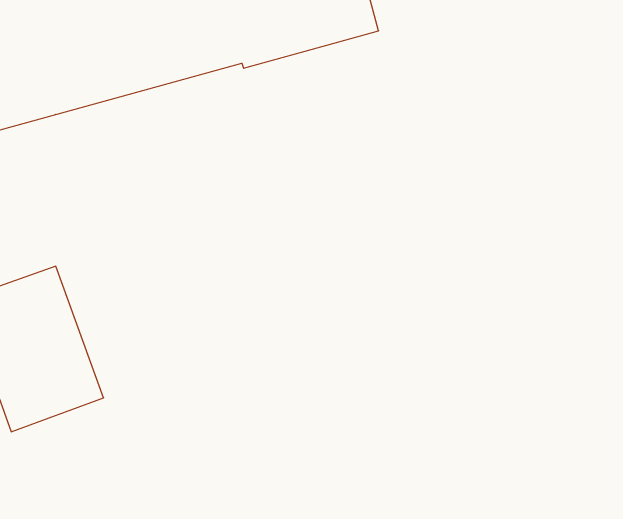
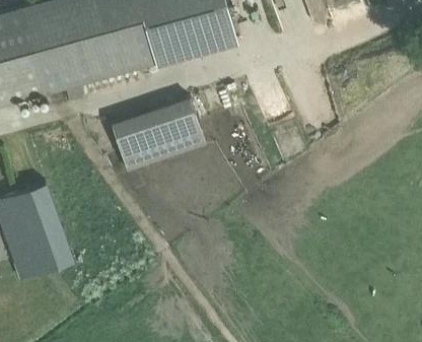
building: none -> [118,99,211,168]

